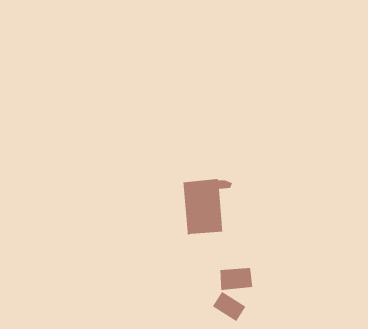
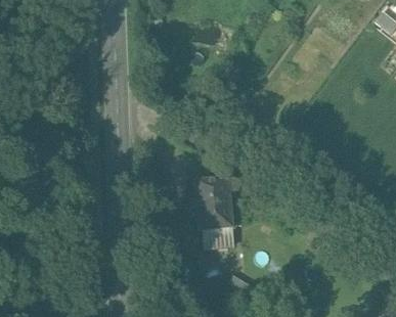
building: [219,267,253,291] -> [204,223,234,244]

